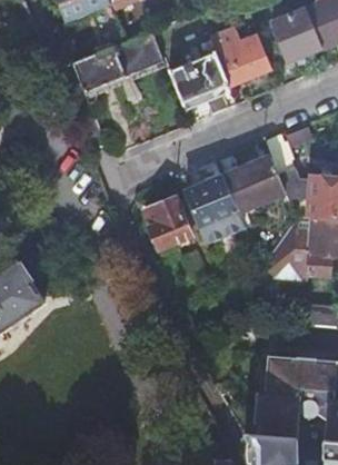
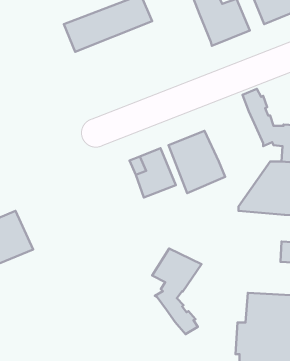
building: [171,52,230,102] -> none
building: [223,158,287,212] -> none
building: none -> [152,248,201,334]

